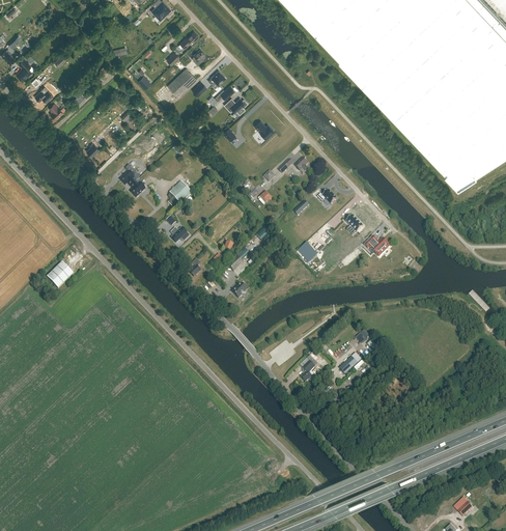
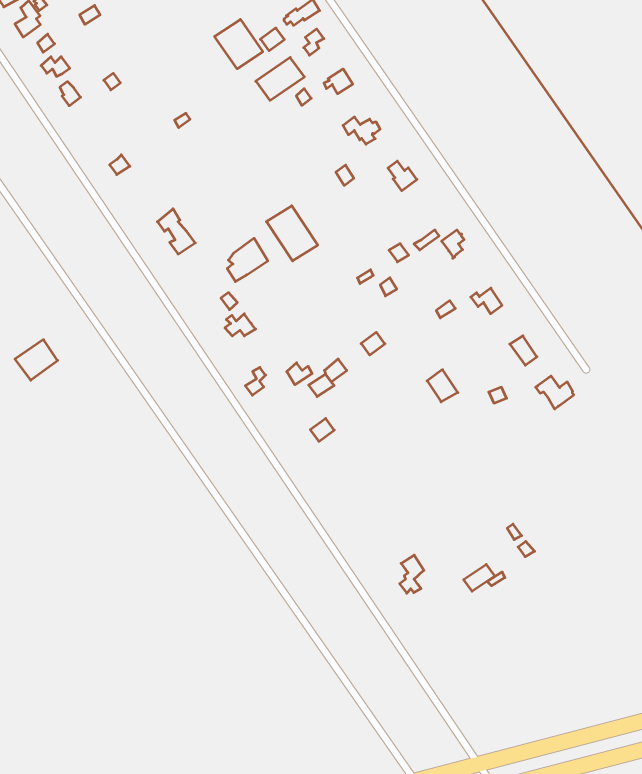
building: none -> [215,19,263,69]
building: none -> [266,206,318,261]

